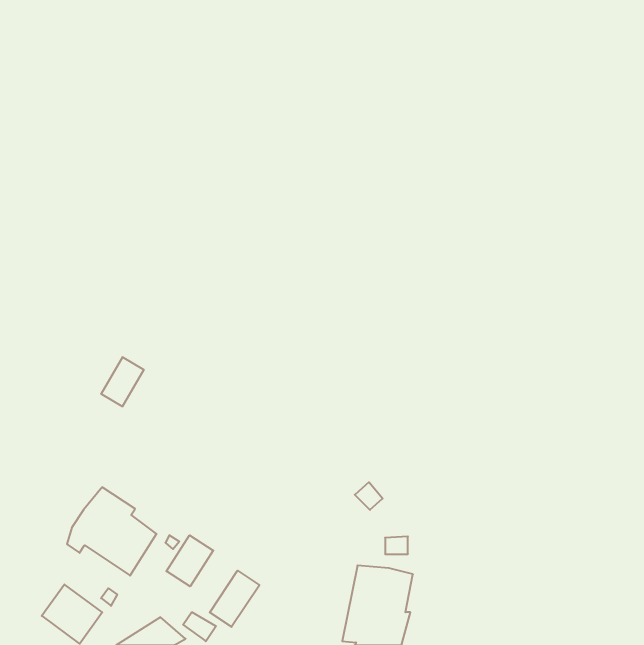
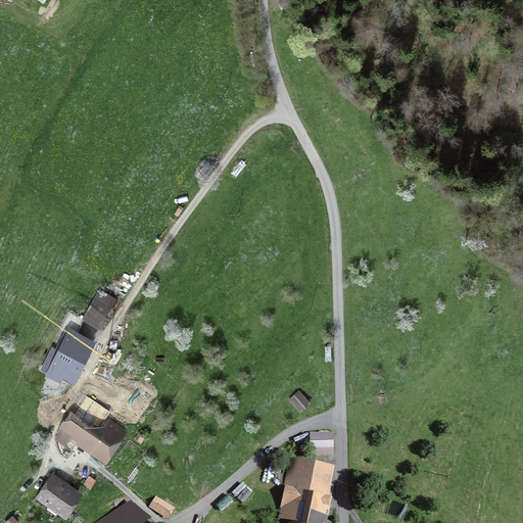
building: none -> [49,323,101,381]
building: [166,535,213,586] -> none
building: [210,571,259,627] -> none

